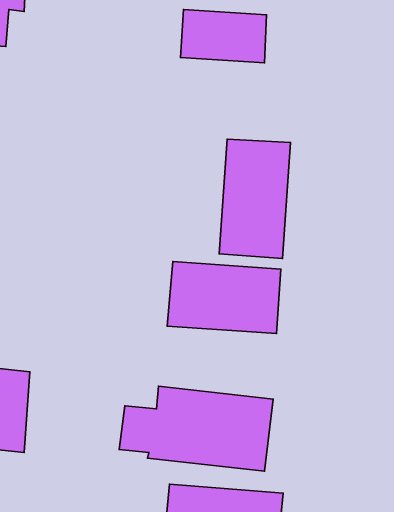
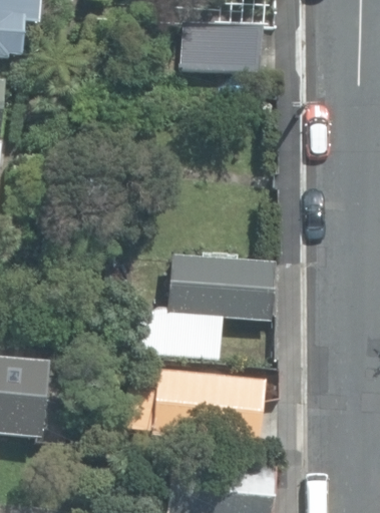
building: [219,139,291,258] -> none

